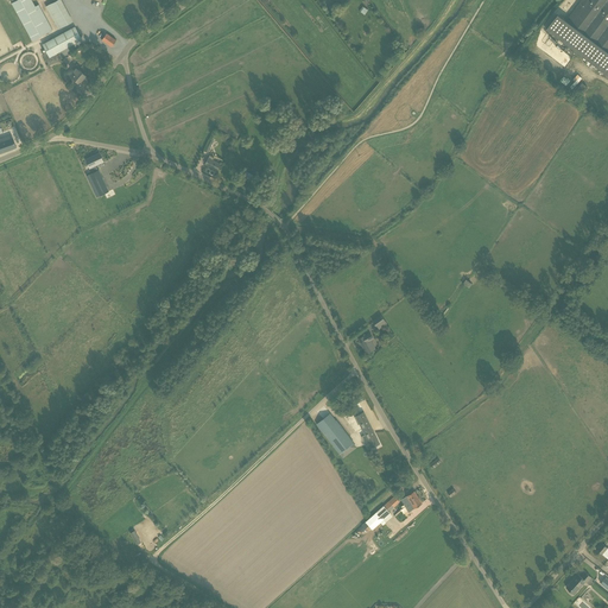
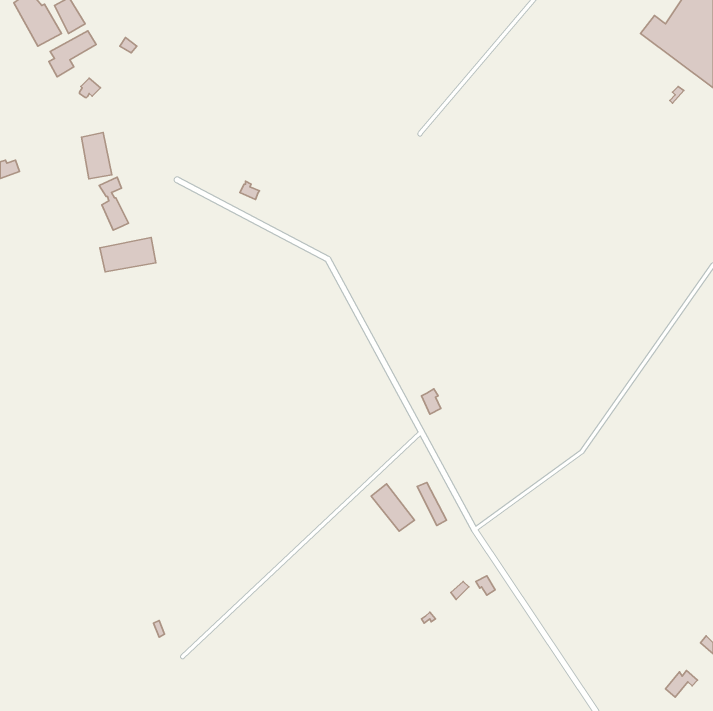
building: none -> [82,132,112,179]
building: none -> [100,237,156,272]

